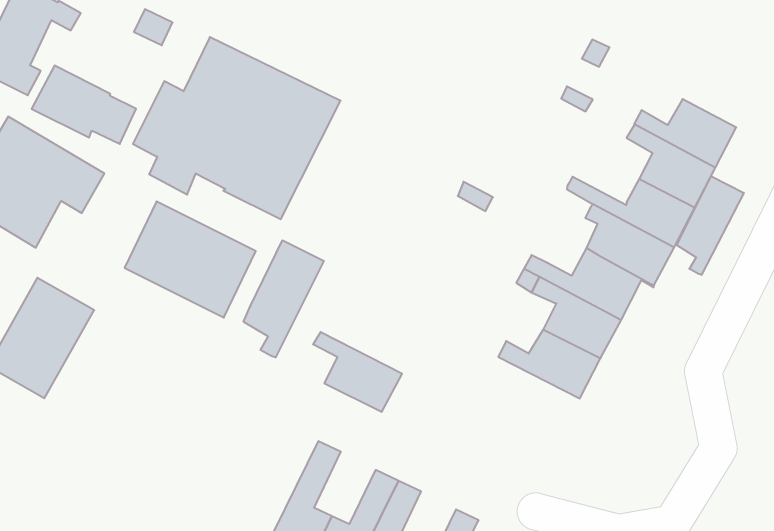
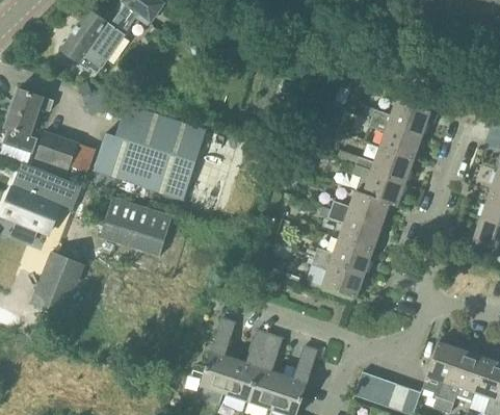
building: [677,176,744,275] -> none
building: [244,240,324,357] -> none
building: [313,332,402,412] -> [312,258,364,297]

